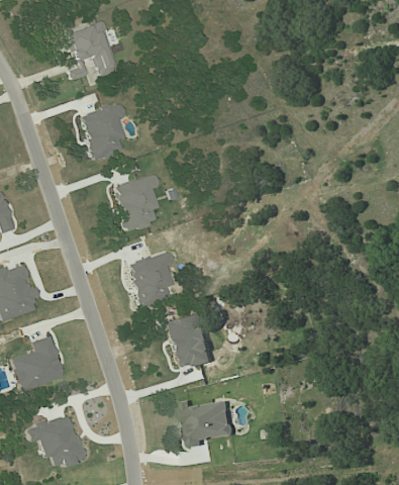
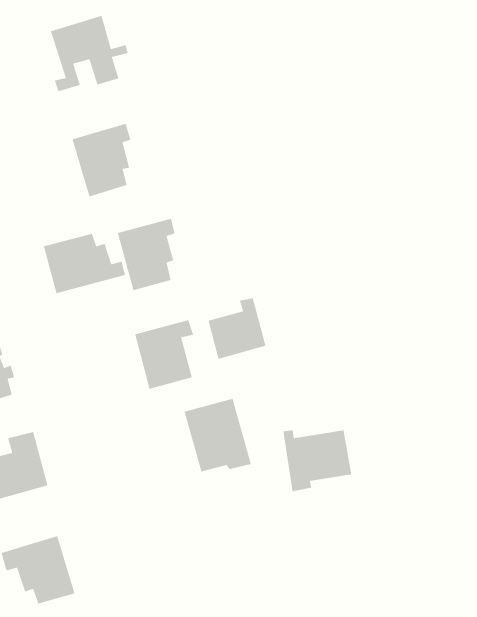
building: none -> [43,233,126,294]
building: none -> [207,297,267,360]
building: [186,400,238,448] -> [283,430,352,492]

